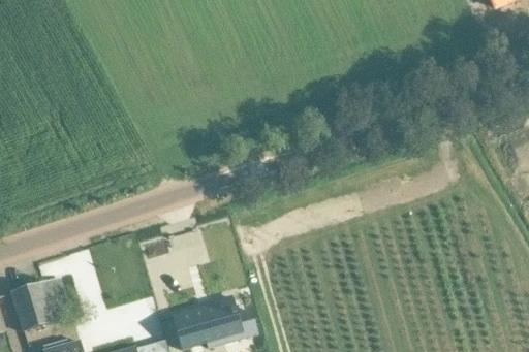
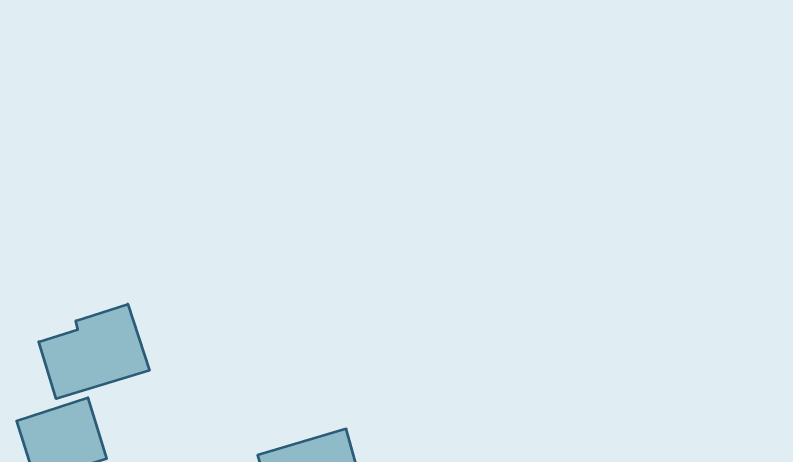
building: none -> [39,304,149,399]

